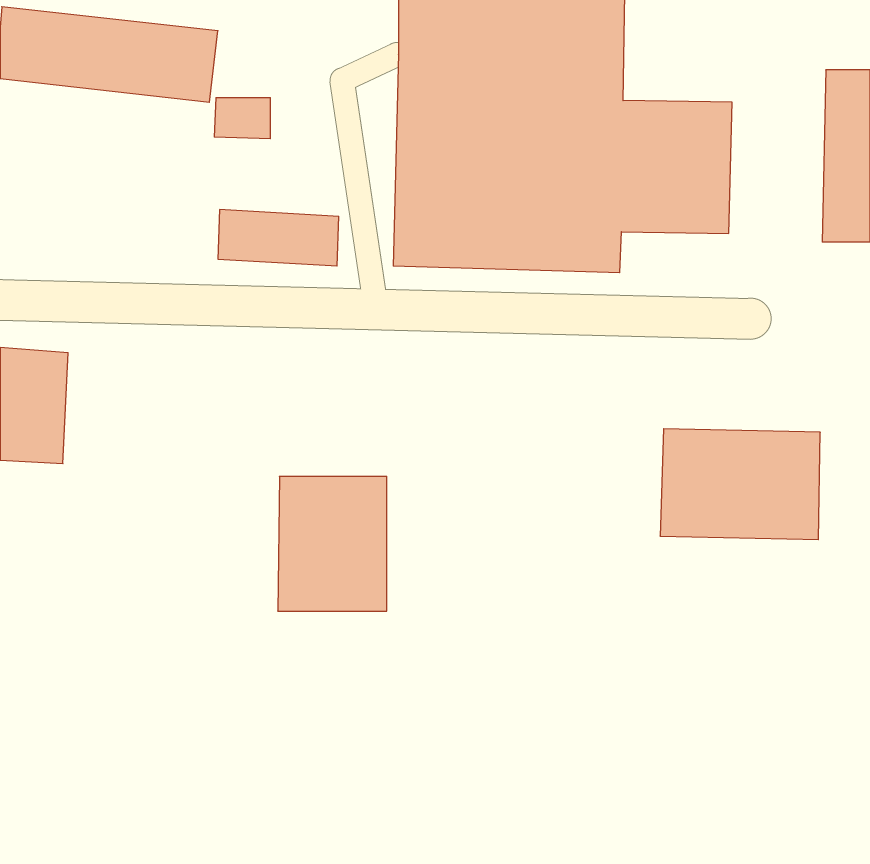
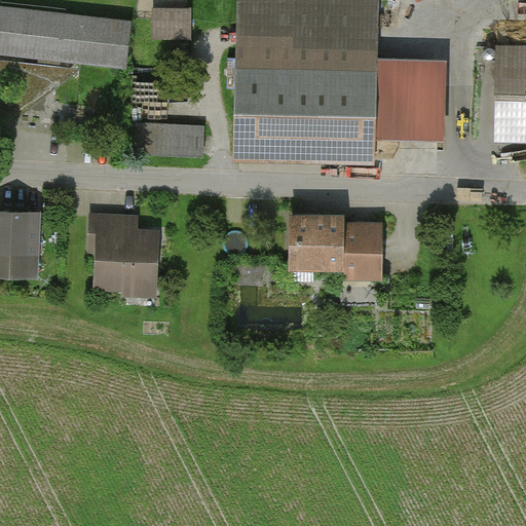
building: [214,98,270,139] -> [154,13,188,38]
building: [660,429,820,540] -> [285,217,381,284]
building: [278,476,387,611] -> [90,212,156,293]

